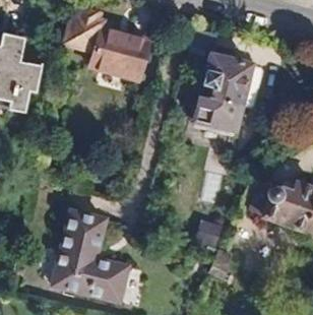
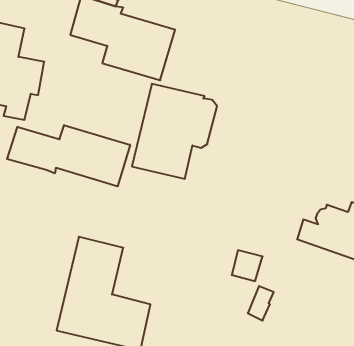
building: [193,53,263,131] -> [132,84,217,179]
building: none -> [7,125,130,186]

